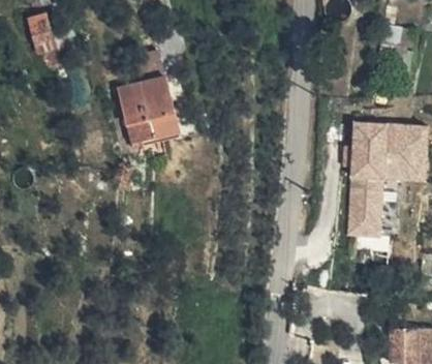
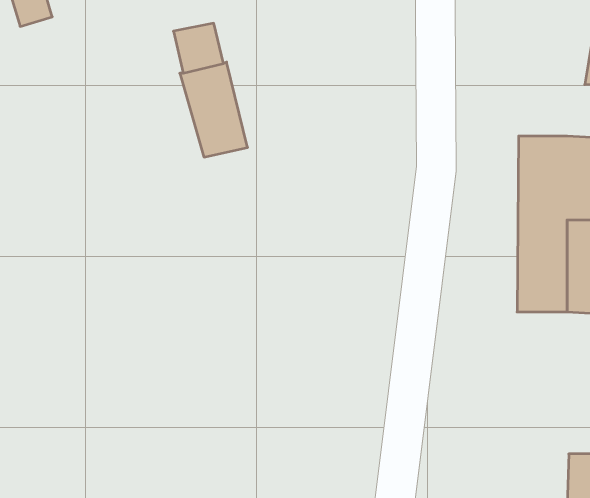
building: [115,85,150,144] -> none

